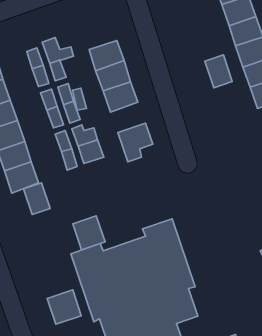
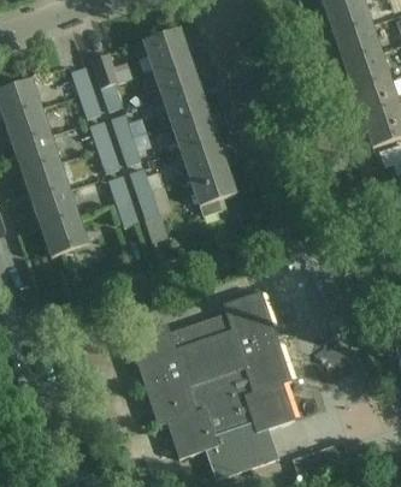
building: none -> [143,29,189,70]
building: [205,55,232,88] -> none
building: none -> [181,138,226,178]
building: [23,183,50,214] -> none
building: [73,216,105,250] -> none
building: [47,290,81,324] -> none

